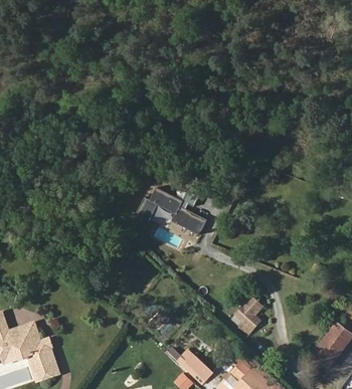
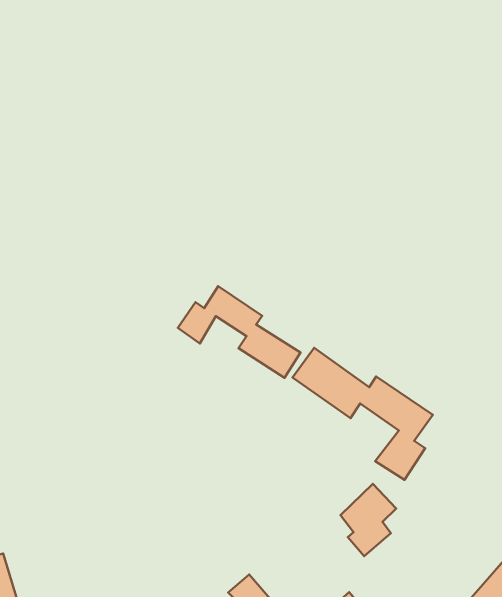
building: none -> [293,348,433,480]

